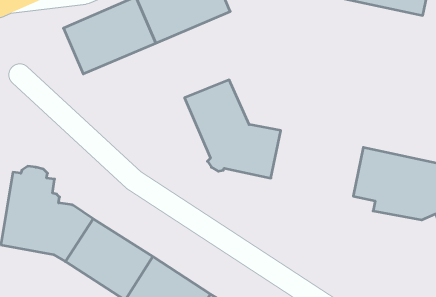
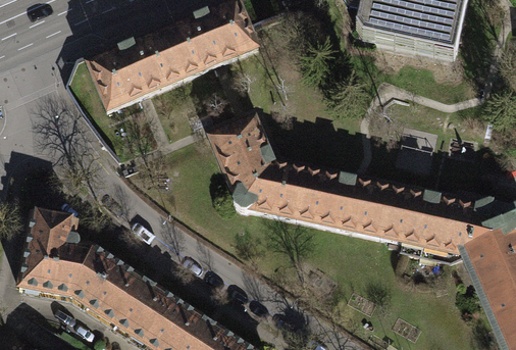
building: none -> [299,168,394,236]

